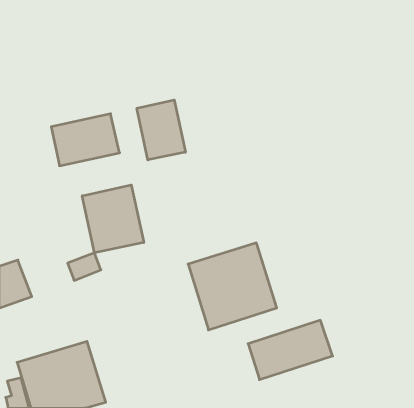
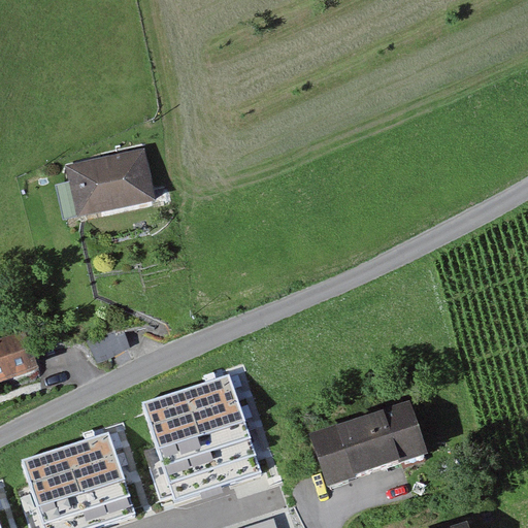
building: [137,100,185,160] -> none
building: [82,185,144,253] -> none
building: [188,243,277,330] -> [146,386,259,496]

